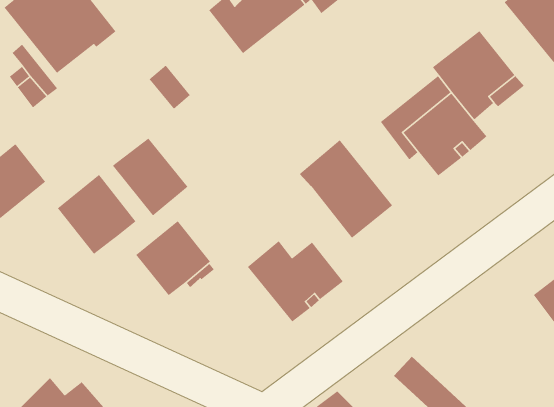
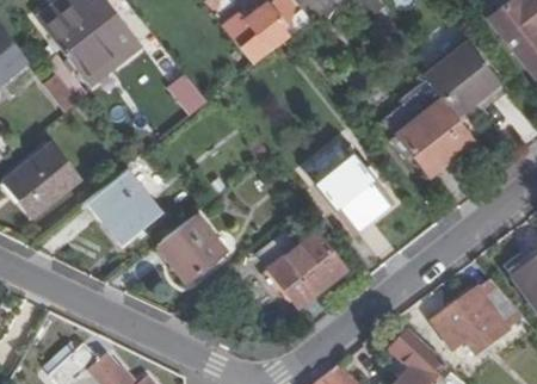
building: [112,137,189,217] -> none
building: none -> [432,278,524,354]

